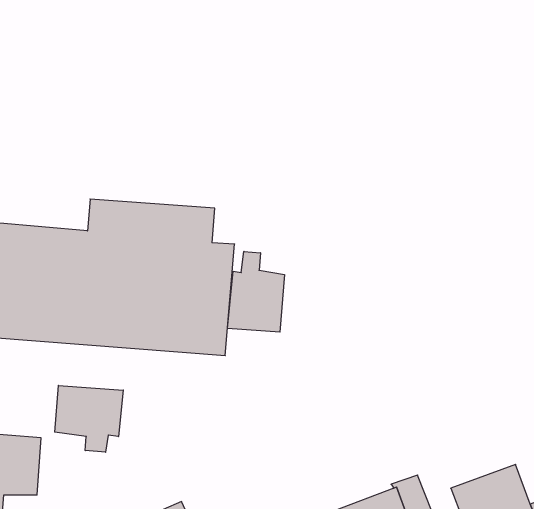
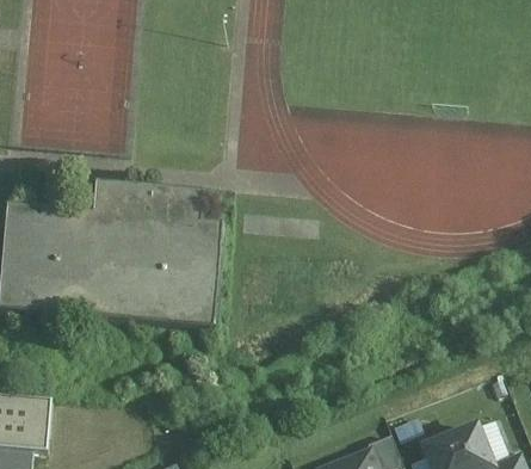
building: [228,251,284,332] -> none
building: [55,385,123,452] -> none

